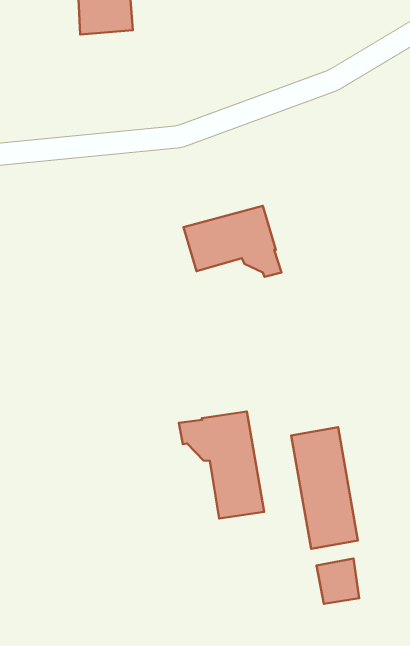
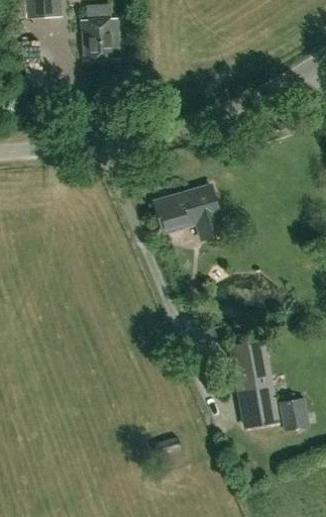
building: [179,412,264,518] -> none
building: [317,559,359,604] -> [279,398,309,430]

